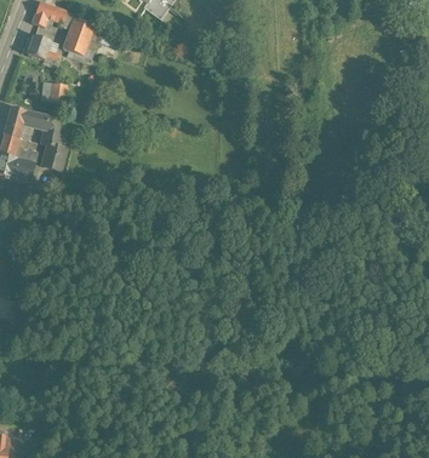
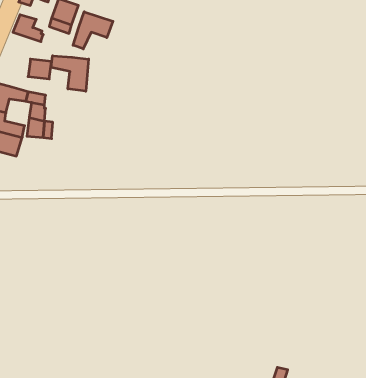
building: none -> [73,12,113,49]
building: none -> [51,56,89,91]

